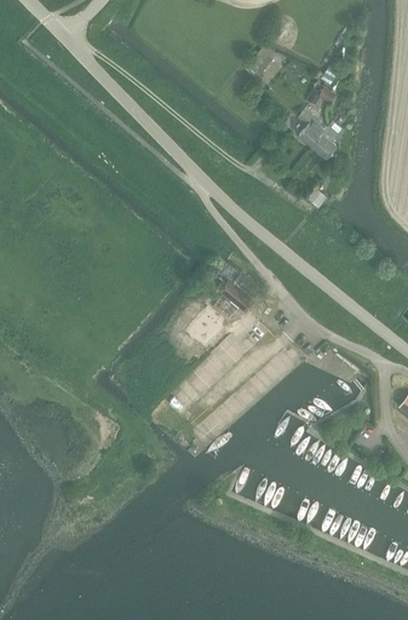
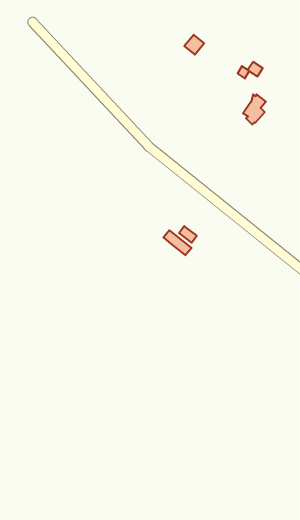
building: [297,107,323,147] -> none

